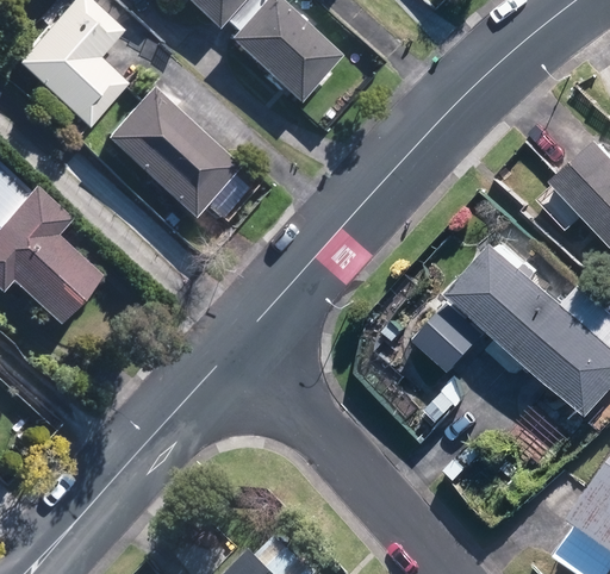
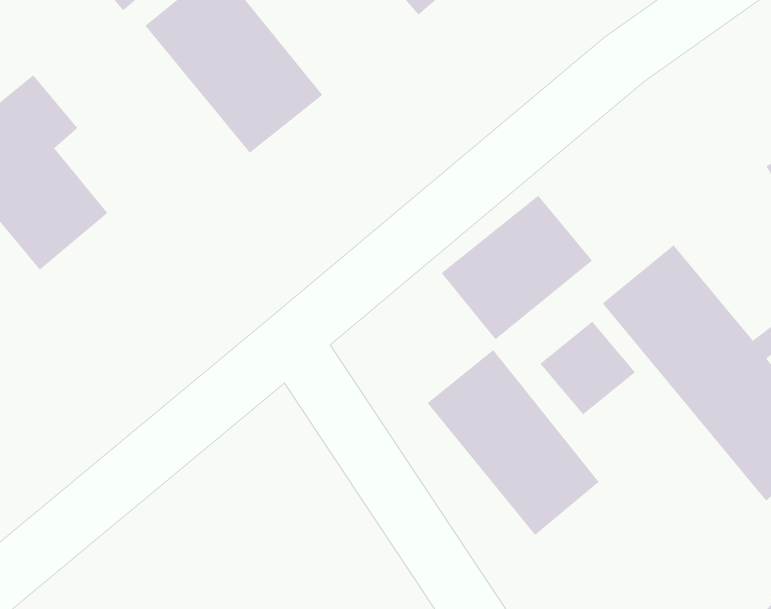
building: none -> [441,195,593,340]
building: none -> [427,349,600,536]

